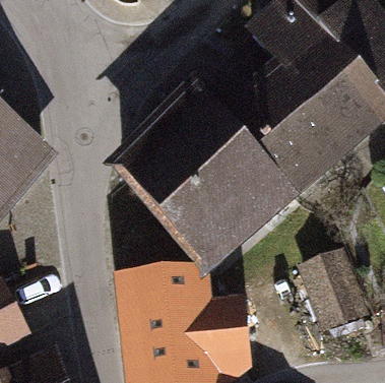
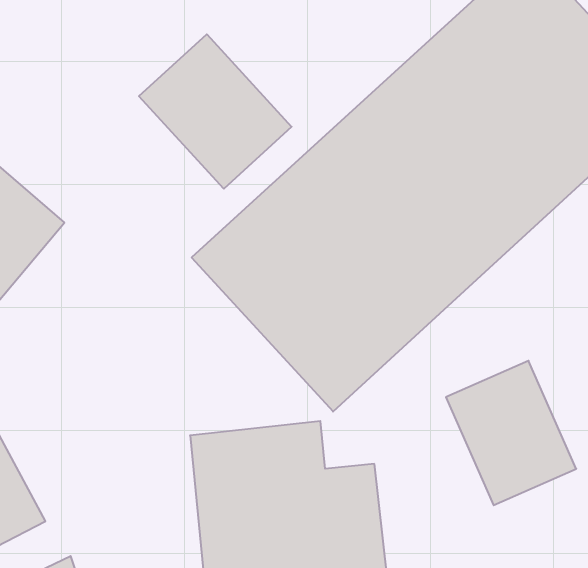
building: none -> [139,34,292,189]

